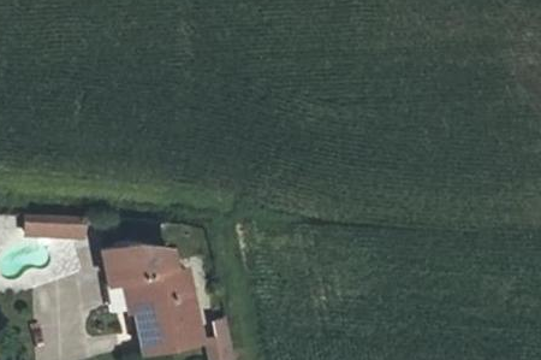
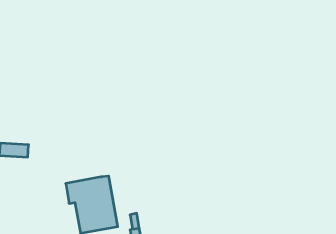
building: [106,248,176,281] -> none

